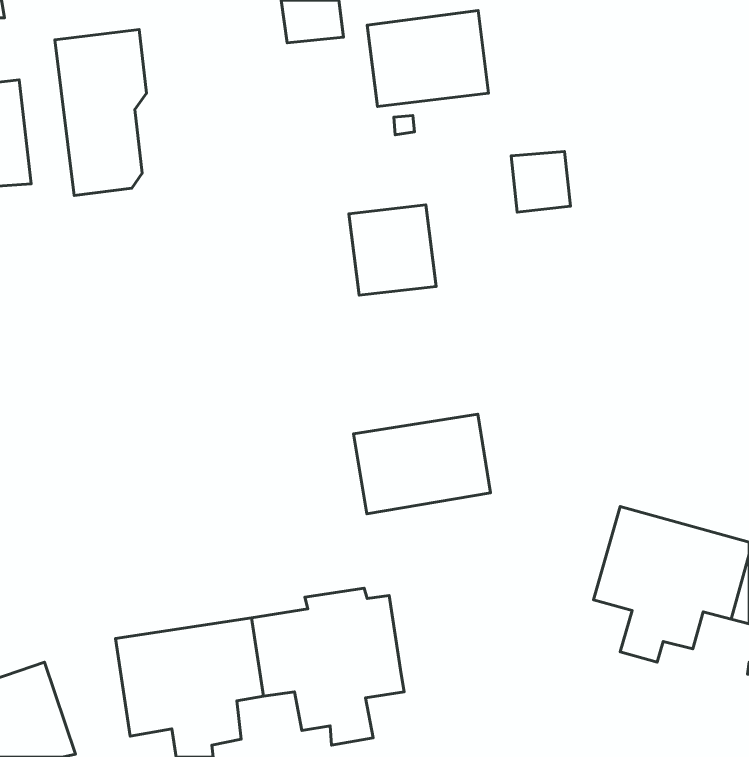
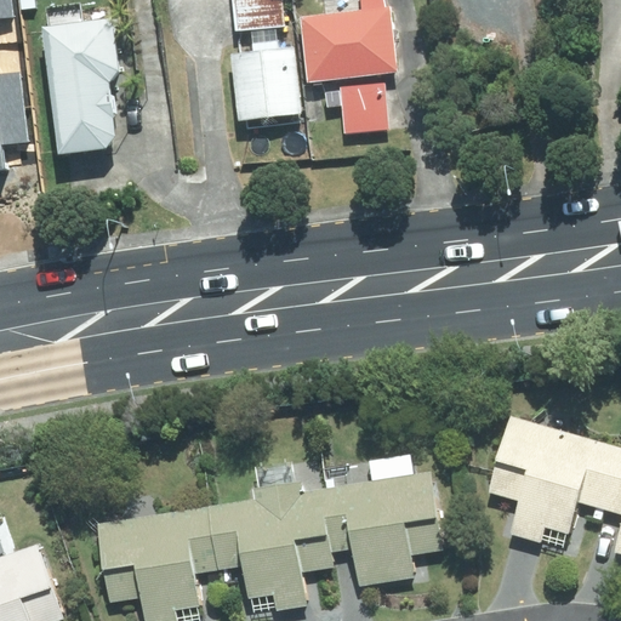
building: [511,151,571,212] -> [341,87,389,137]
building: [349,205,436,295] -> [232,51,303,125]
building: [354,414,491,514] -> none
building: none -> [319,469,440,586]

